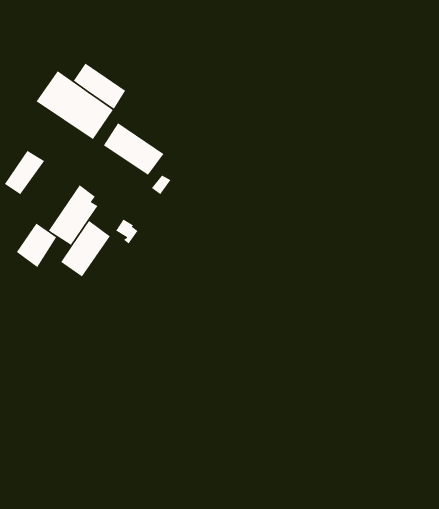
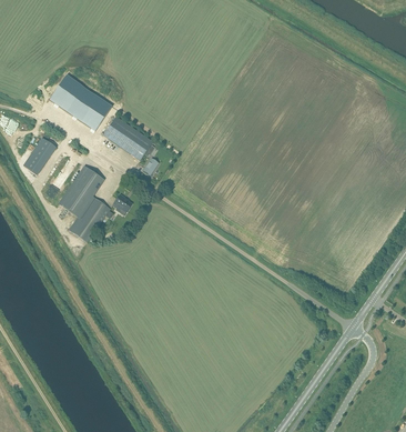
building: [73,63,126,110] -> none
building: [16,223,57,268] -> none

